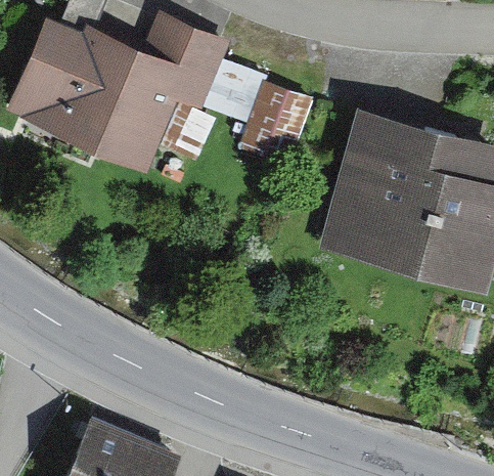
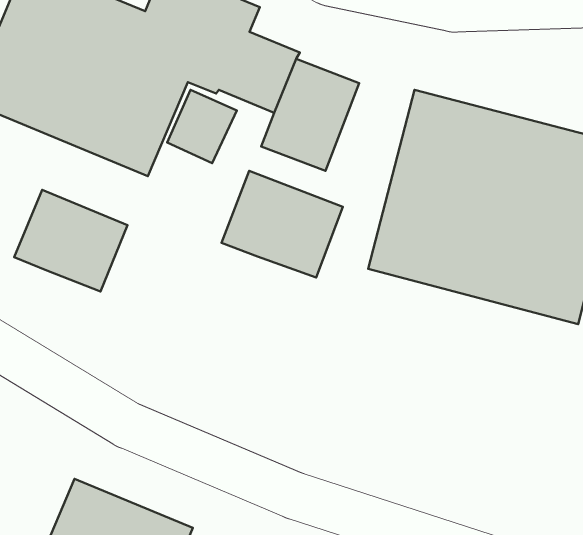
building: none -> [222,171,343,277]
building: none -> [14,190,128,291]

